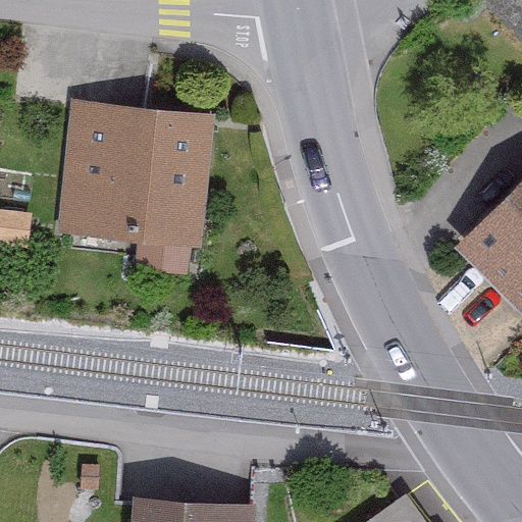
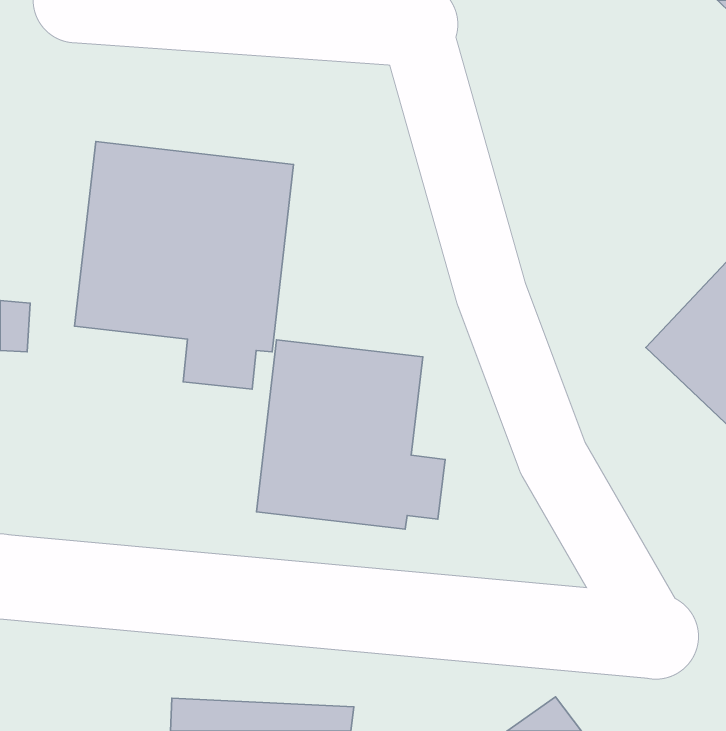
building: none -> [256,340,445,529]

